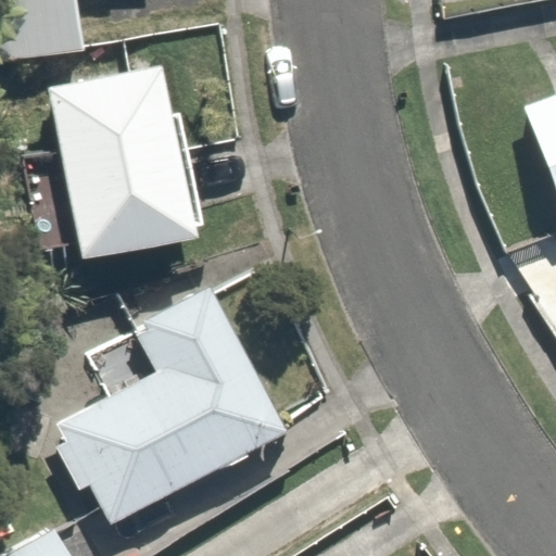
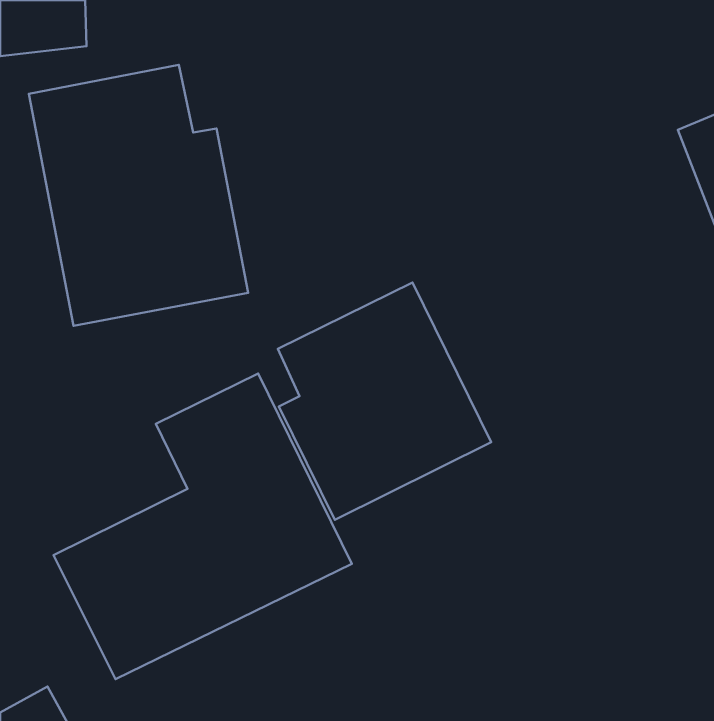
building: none -> [278,282,491,520]

